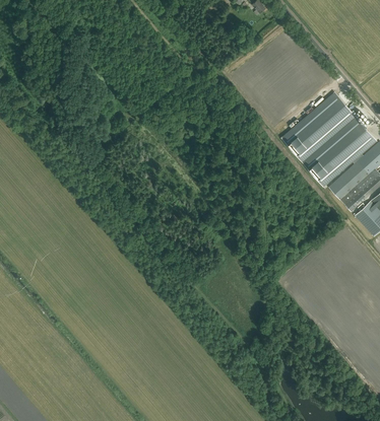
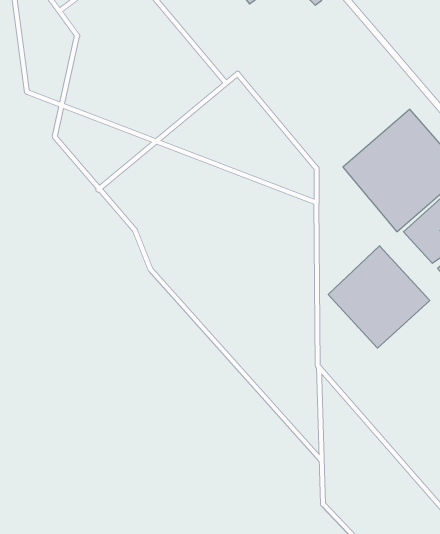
building: none -> [328,246,430,348]

